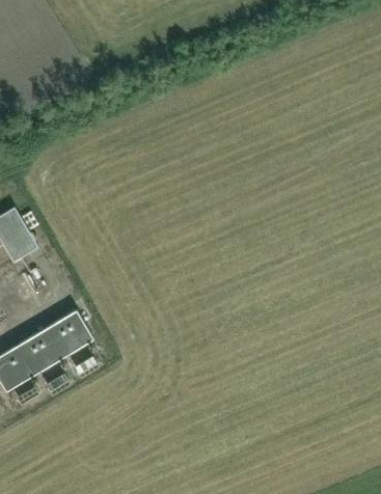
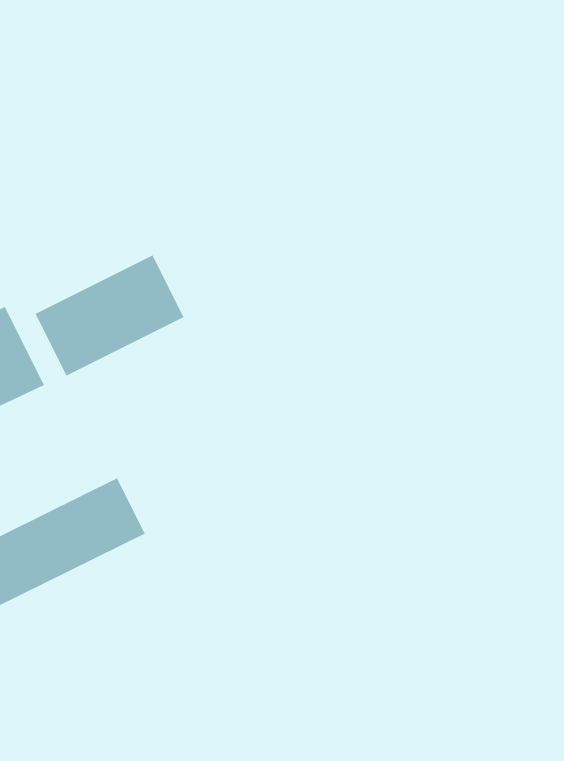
building: none -> [35,255,184,376]

